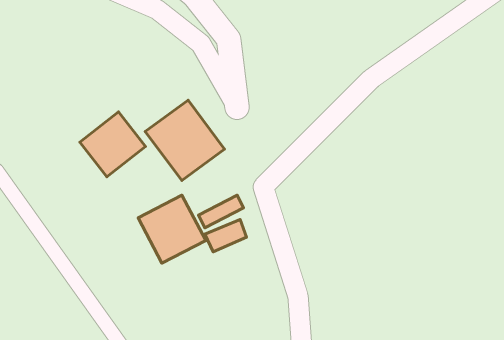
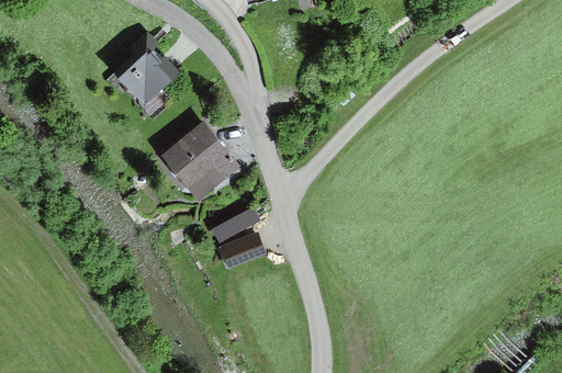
building: [80,112,146,177] -> [104,45,173,113]
building: [138,195,206,263] -> none

